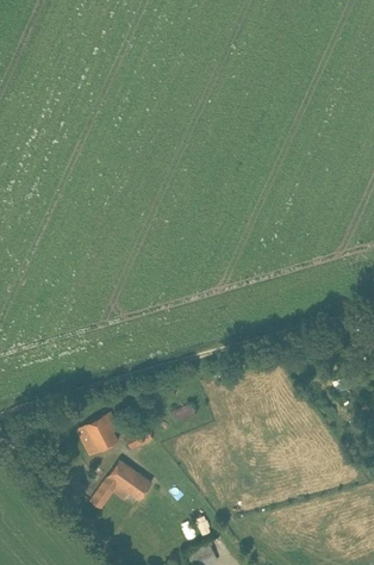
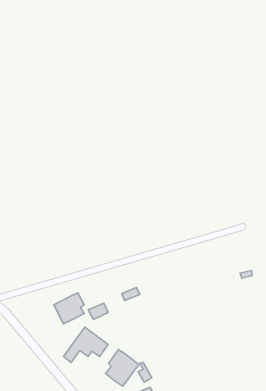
building: none -> [106,350,139,386]

